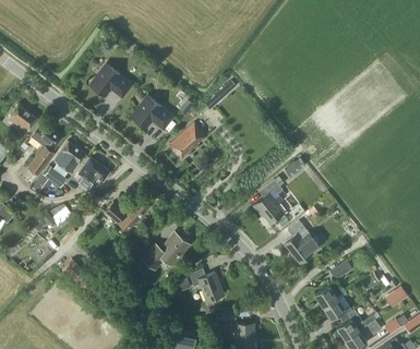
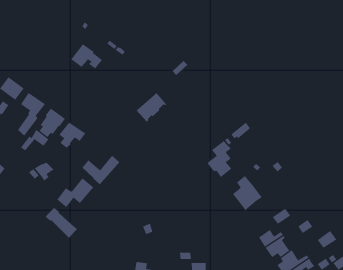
building: [133,97,171,128] -> none
building: [143,233,188,269] -> [56,177,94,208]
building: [189,269,223,302] -> none

